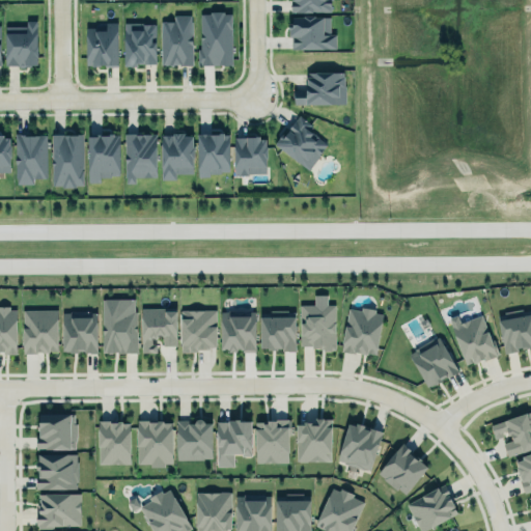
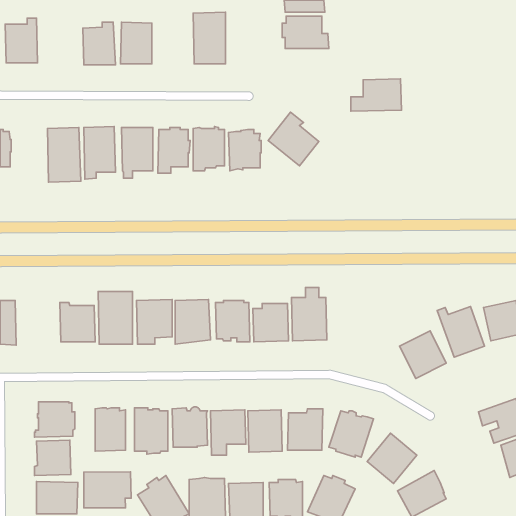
building: [162,16,193,65] -> none
building: [295,73,346,106] -> [351,79,401,111]
building: [16,135,48,186] -> none
building: [343,307,385,354] -> none
building: [23,311,59,355] -> none
building: none -> [84,472,131,508]

